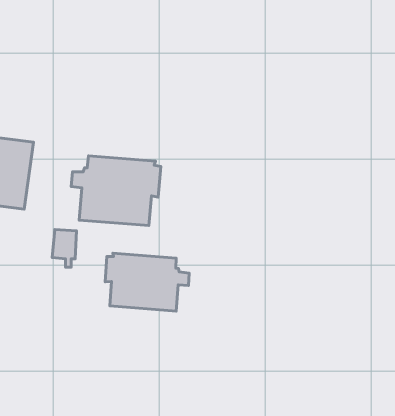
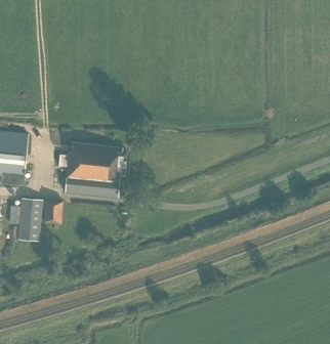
building: none -> [8,199,41,241]
building: [105,253,189,311] -> none

